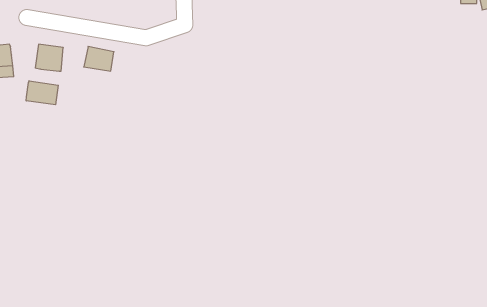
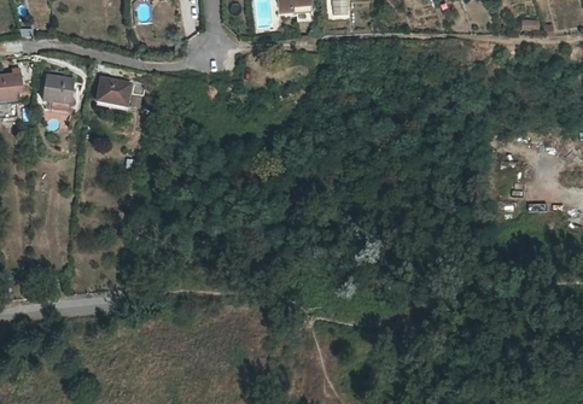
building: [26,81,58,105] -> none

